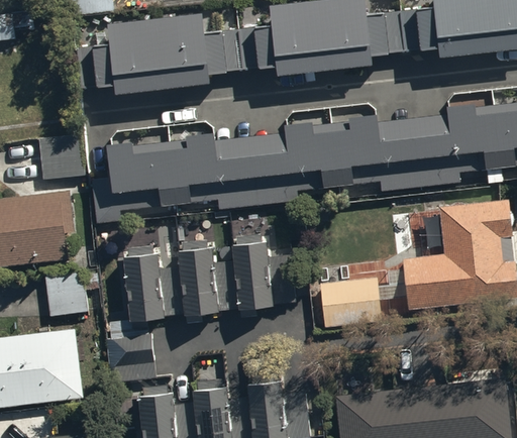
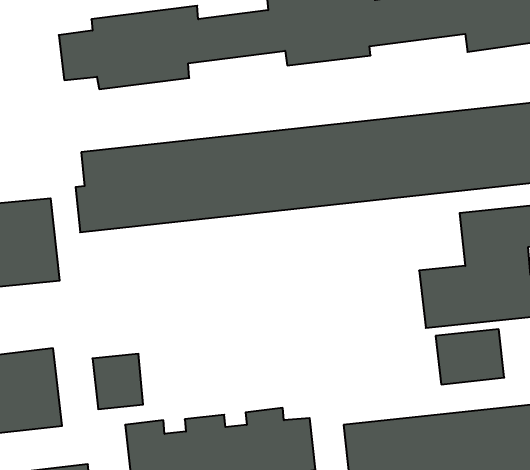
building: [38,133,83,179] -> none
building: [123,240,295,320] -> none
building: [44,270,88,315] -> none
building: [319,277,381,326] -> [436,329,504,384]

